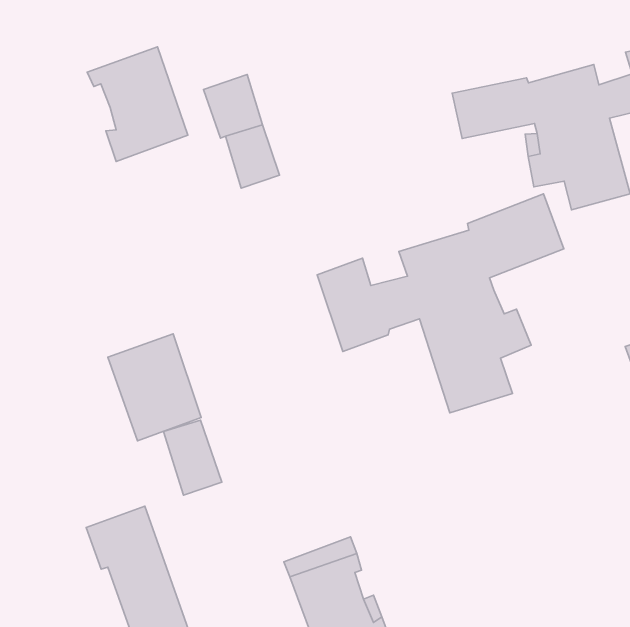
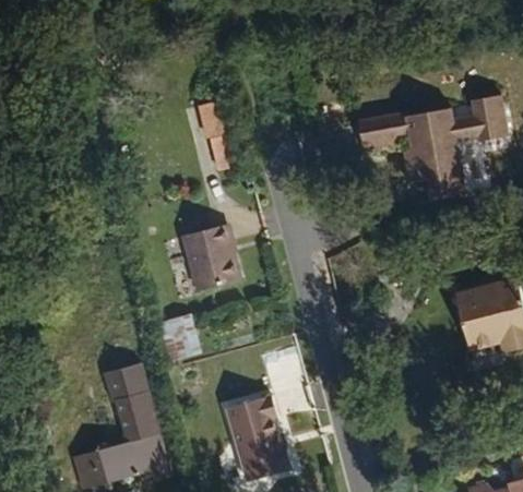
building: [87,47,188,162] -> none
building: [317,194,564,413] -> none
building: [108,334,201,441] -> [180,224,237,290]

